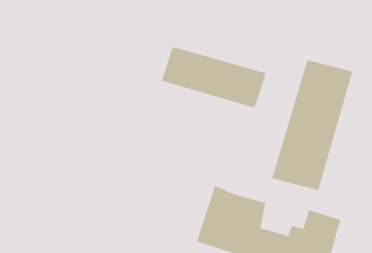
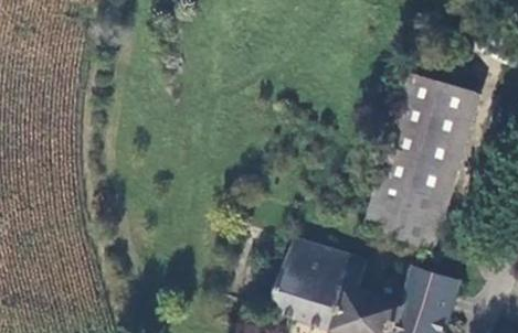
building: [161,46,267,108] -> none

